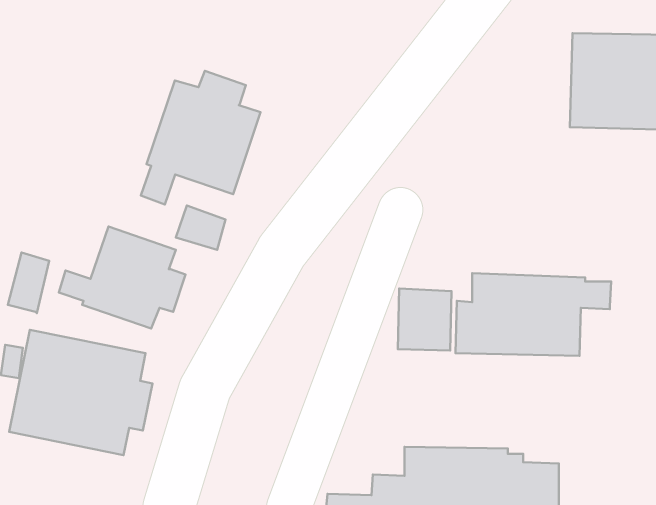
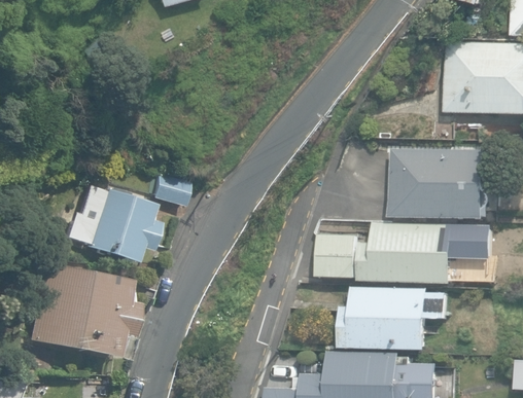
building: [141,71,260,204] -> none
building: none -> [383,149,491,219]
building: none -> [340,286,447,350]

